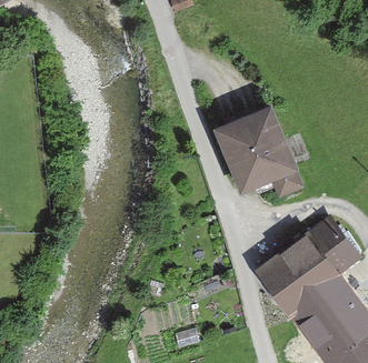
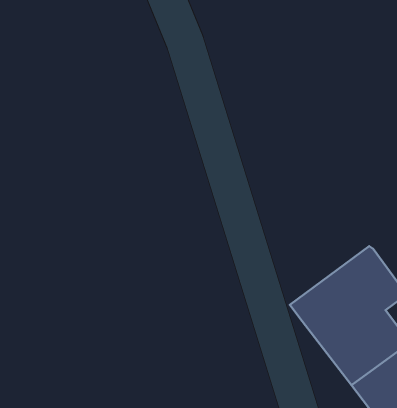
building: [215,110,299,195] -> none

